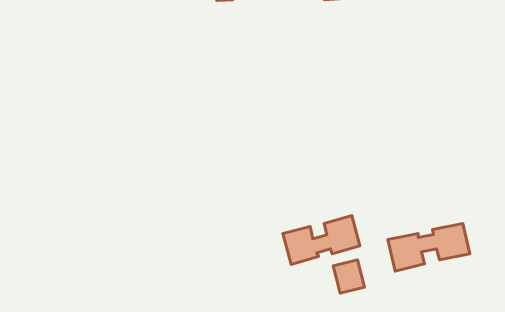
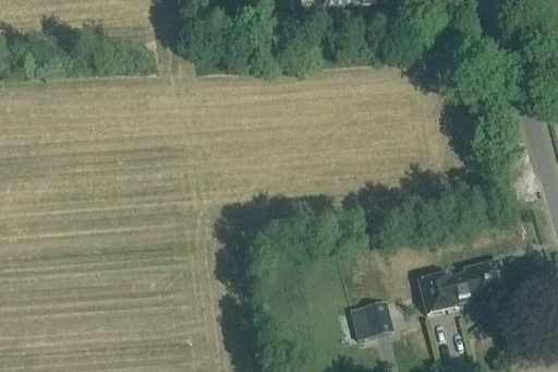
building: [283,215,360,265] -> none

